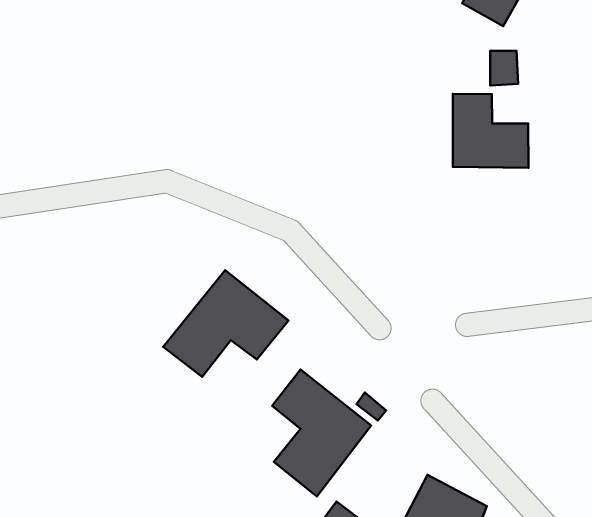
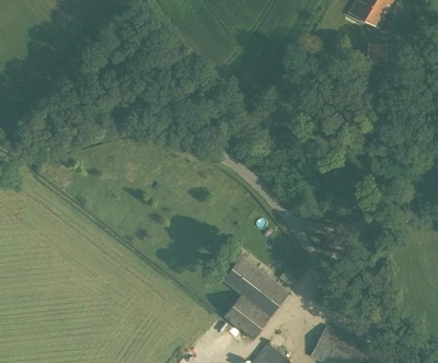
building: [453,94,529,168] -> none
building: [163,270,288,377] -> none

